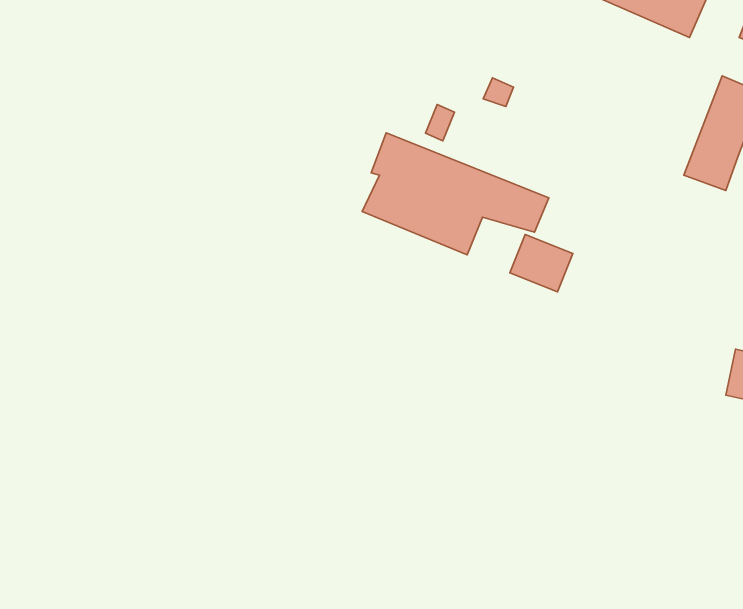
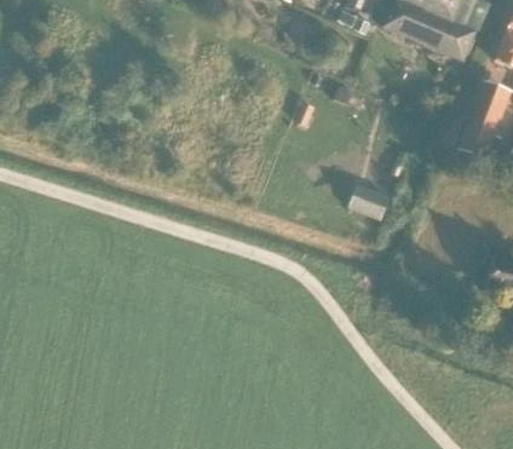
building: [362,133,549,255] -> none

